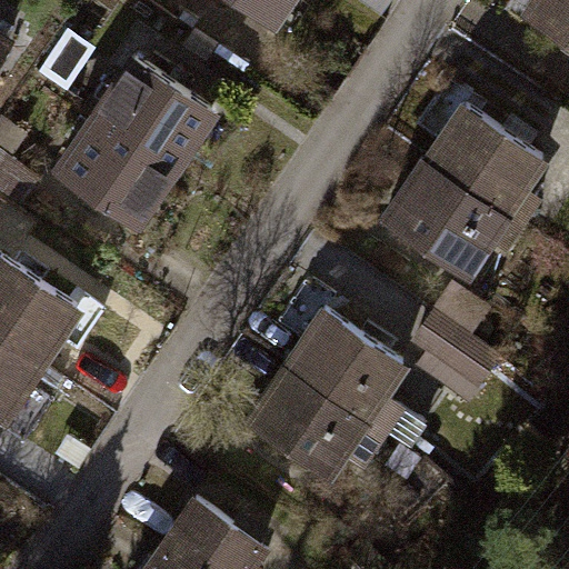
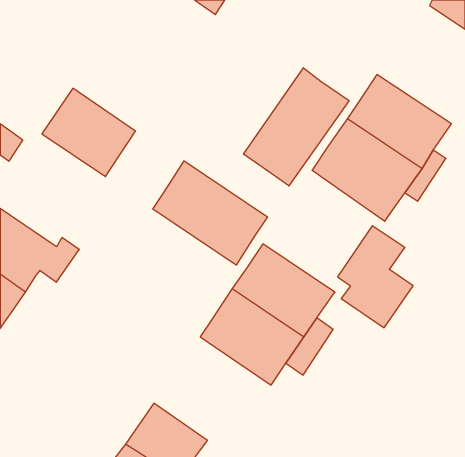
building: [89,63,203,170] -> none
building: none -> [243,68,349,186]
building: none -> [153,161,267,265]

